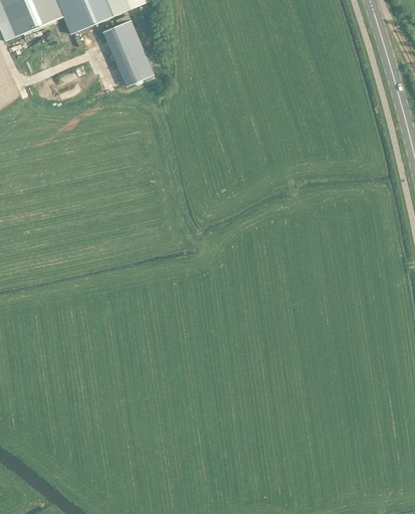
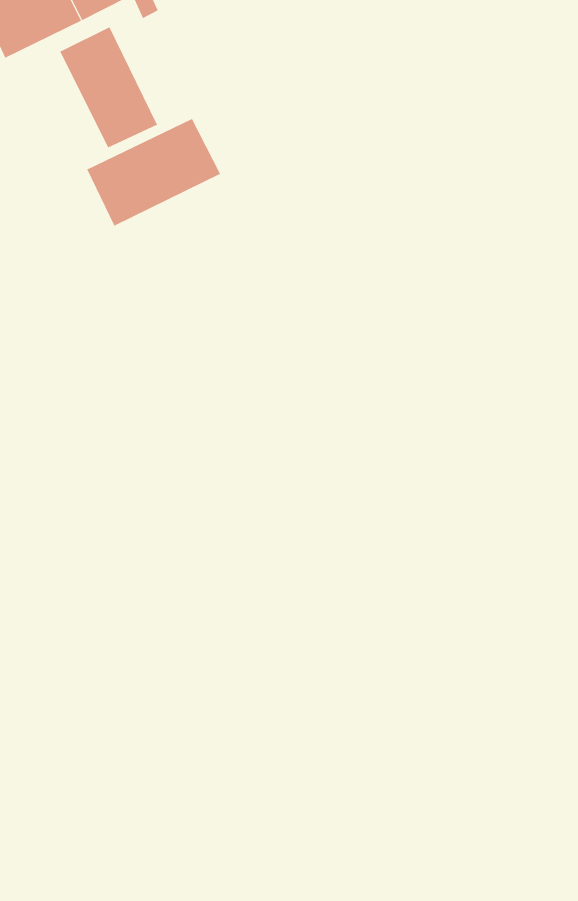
building: none -> [87,118,221,226]

